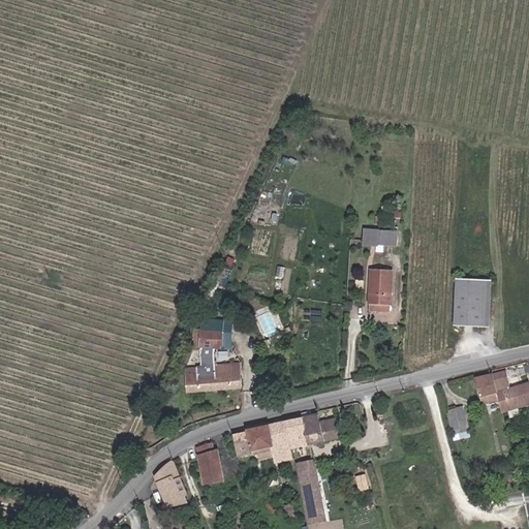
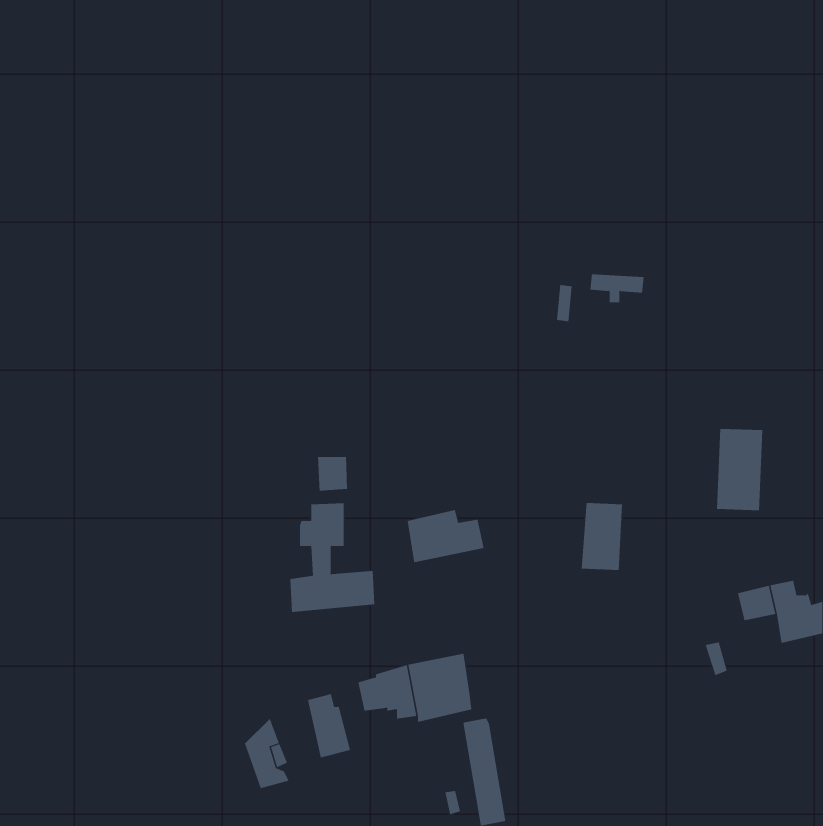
building: [363,228,398,247] -> [589,274,644,303]
building: [368,268,395,311] -> [581,503,623,571]
building: none -> [318,456,348,492]
building: [297,410,346,444] -> [407,509,485,563]

